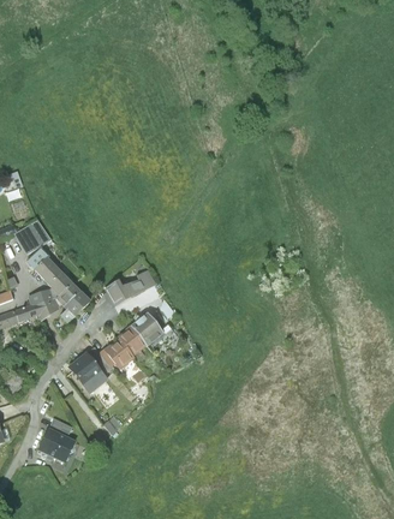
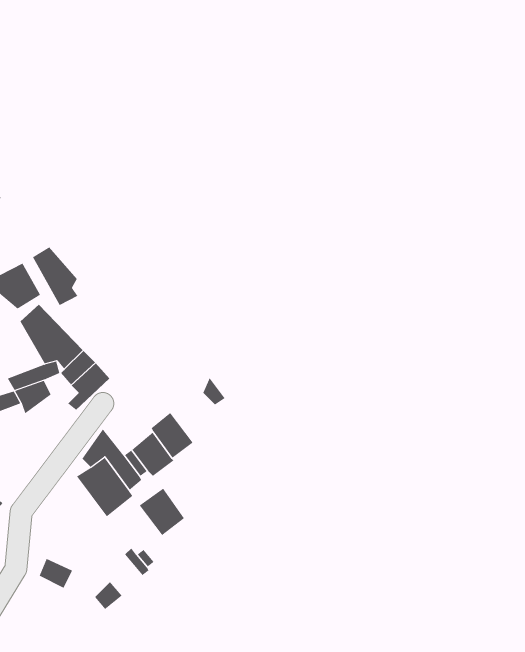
building: none -> [32,246,78,306]
building: [106,269,155,305] -> none
building: [137,308,168,340] -> [139,488,185,536]
building: [38,430,72,460] -> none

